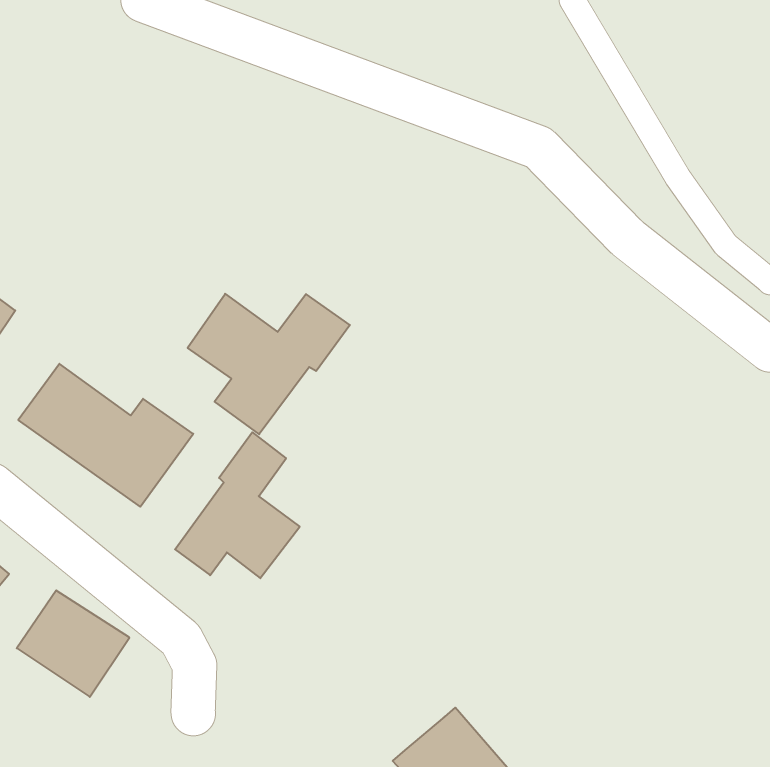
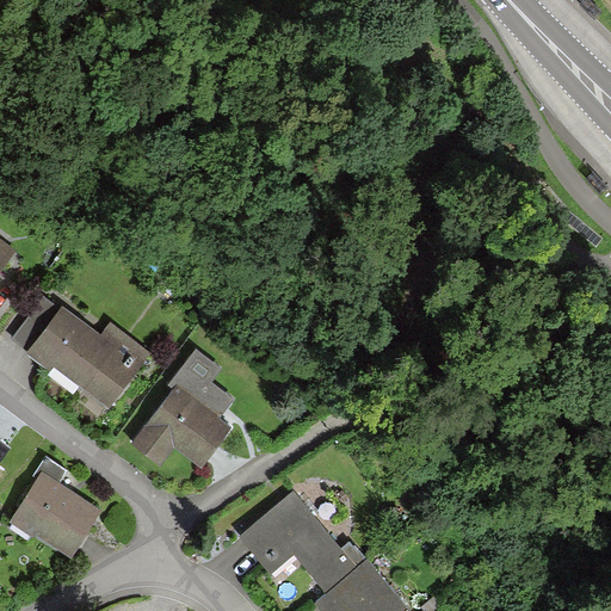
building: [188,294,350,434] -> none
building: none -> [233,496,348,597]

